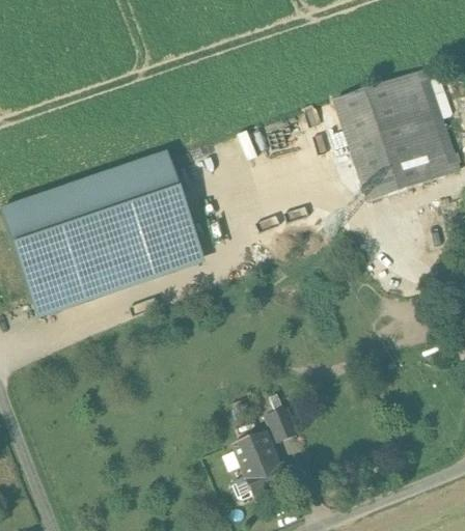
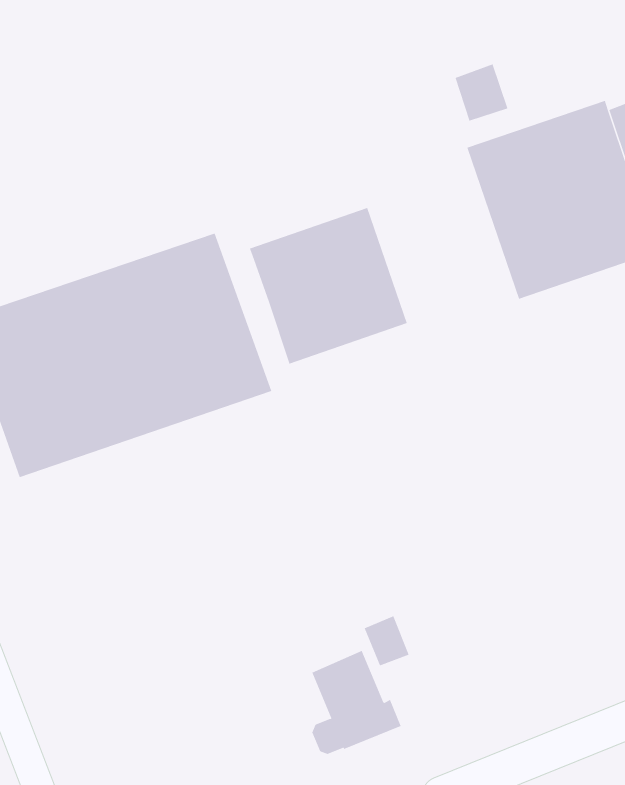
building: none -> [455,63,508,121]
building: none -> [249,207,407,364]

